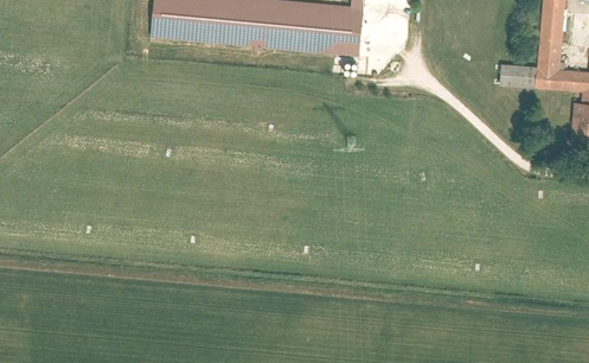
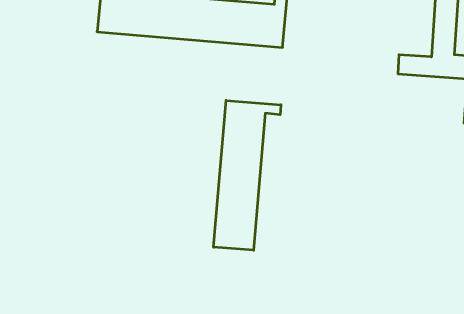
building: none -> [214,100,281,250]

